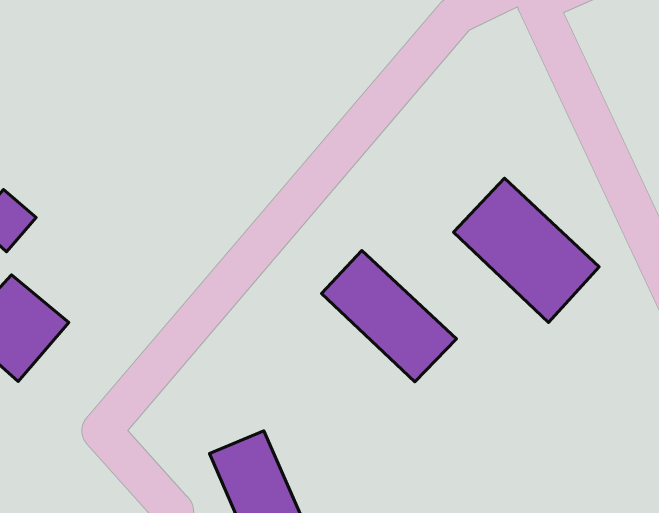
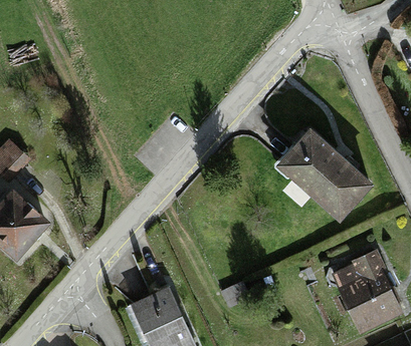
building: [322,250,457,382] -> none
building: none -> [334,252,402,329]

